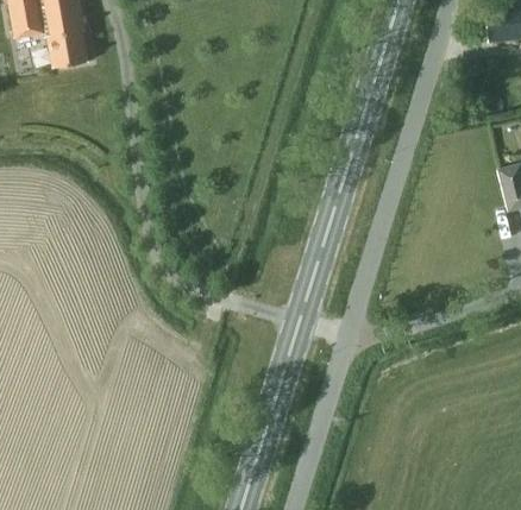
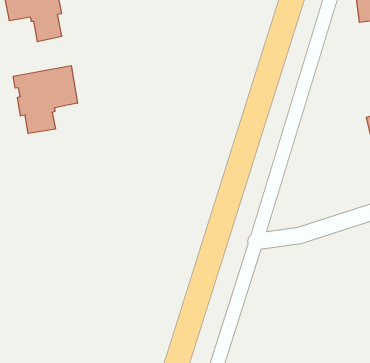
building: none -> [13,66,77,134]

